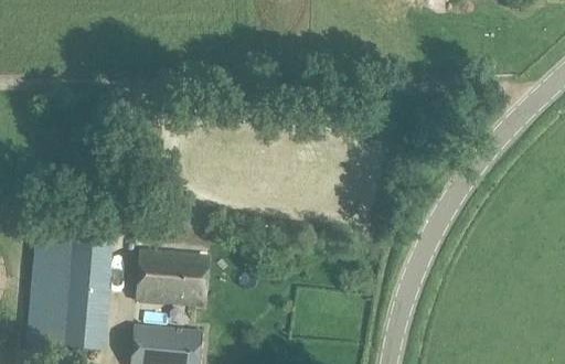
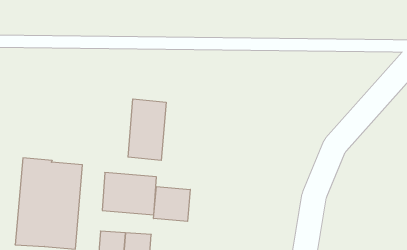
building: none -> [128,99,166,160]
building: none -> [154,187,190,221]

